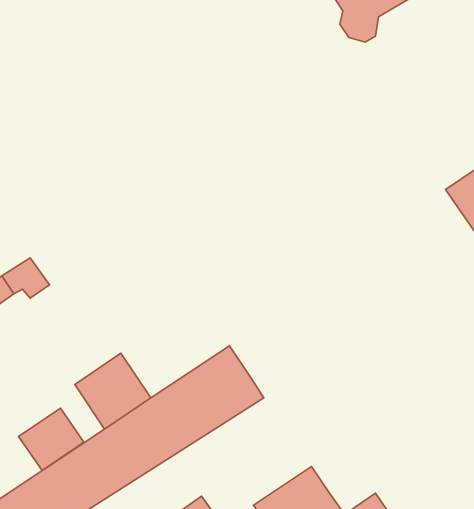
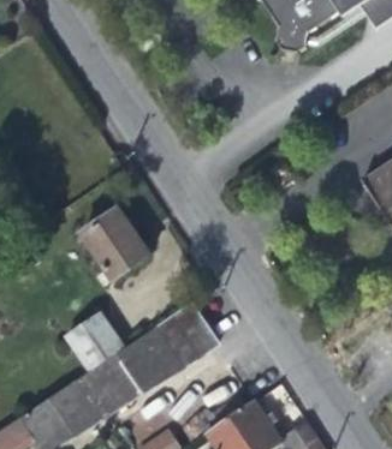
building: none -> [82,208,150,280]
building: [19,408,84,471] -> none

